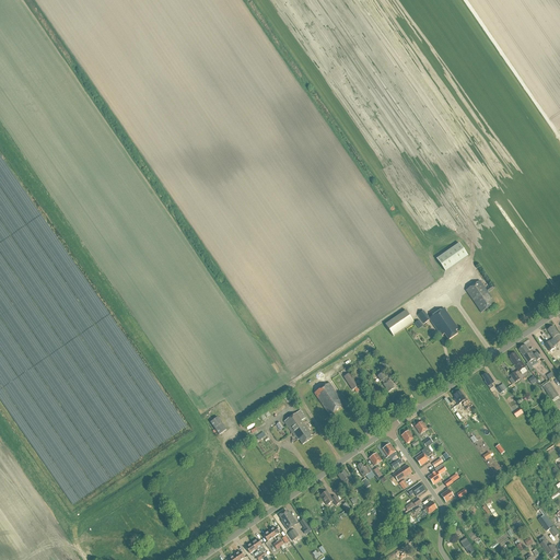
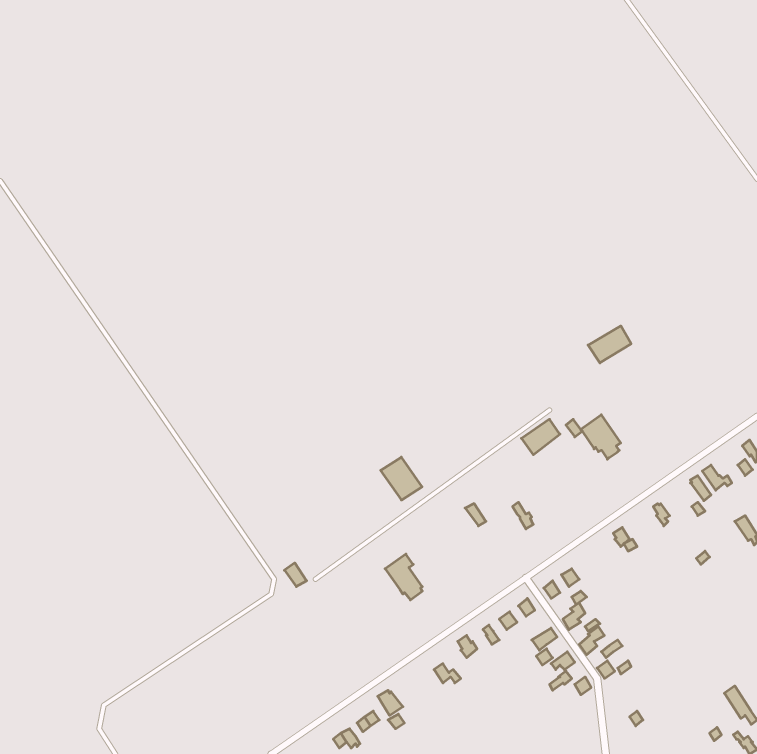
building: [466,279,494,311] -> none
building: [314,382,345,413] -> [381,457,422,500]

